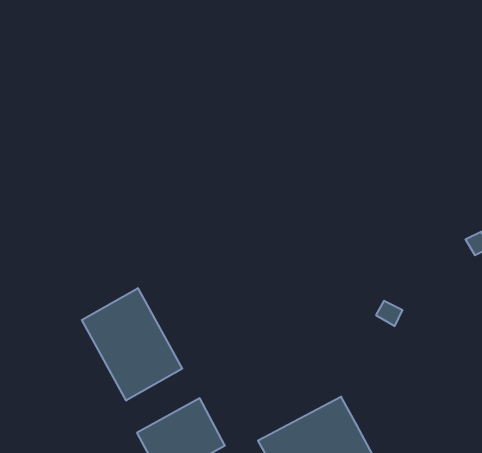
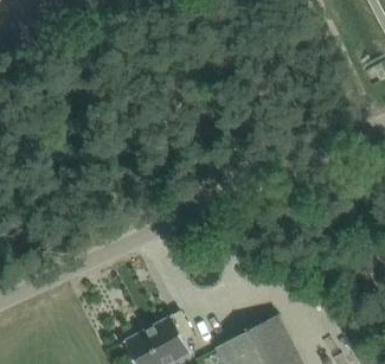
building: [82,288,182,401] -> none

